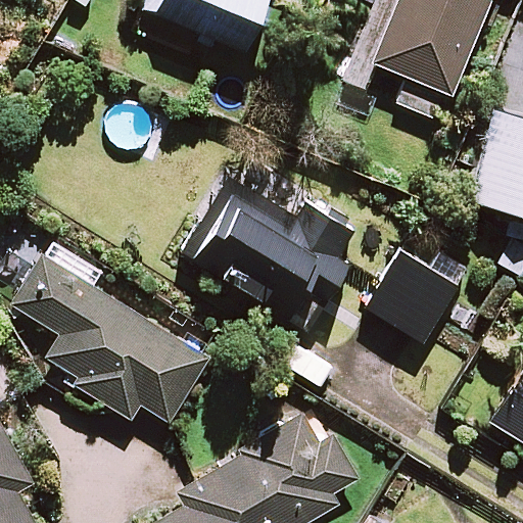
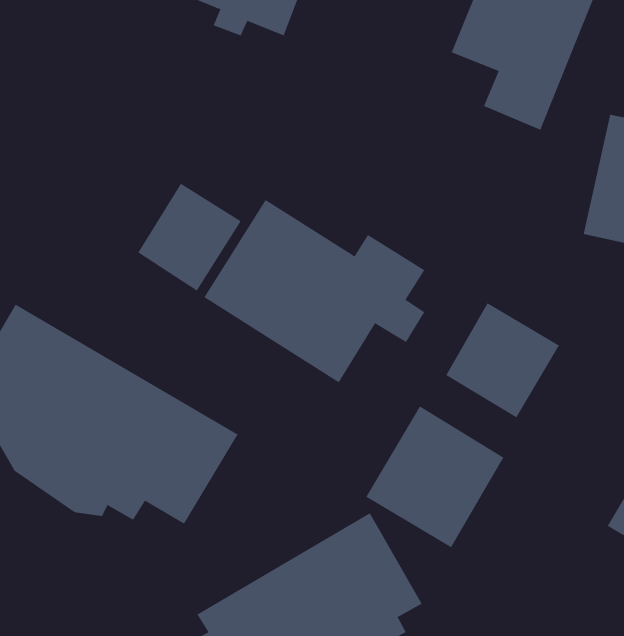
building: none -> [137,183,241,292]
building: none -> [366,405,504,548]

